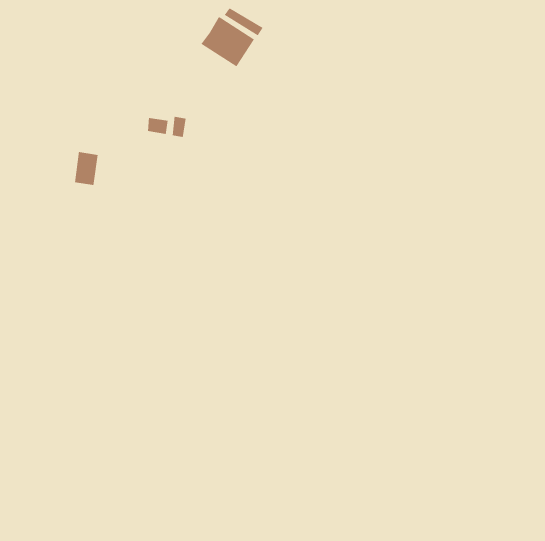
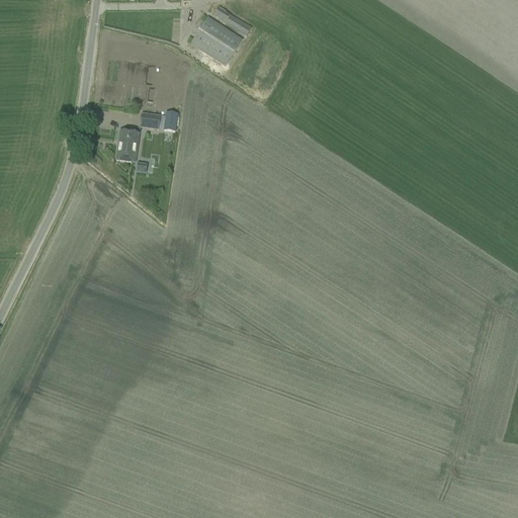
building: [74,152,99,186] -> [115,128,139,161]

